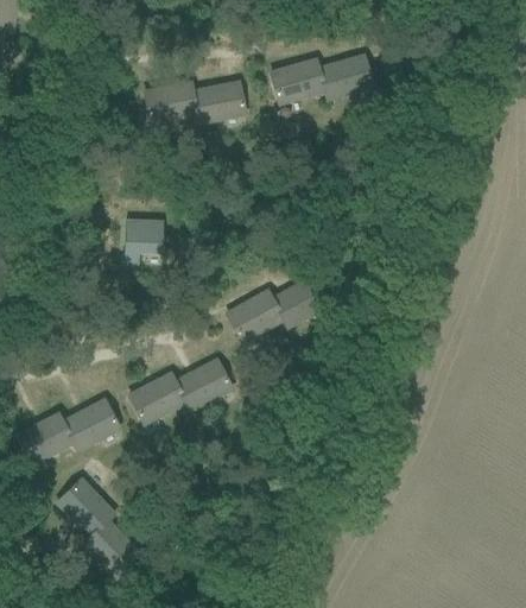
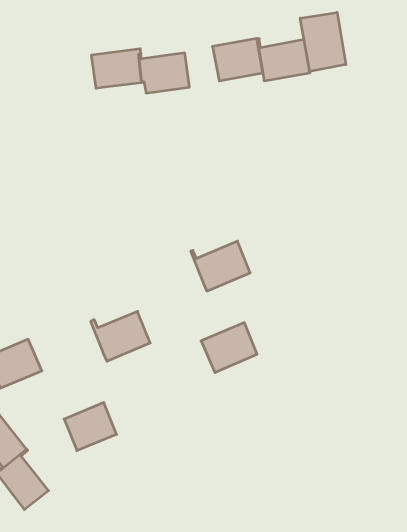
building: none -> [300,12,346,72]
building: [127,220,164,262] -> none
building: [223,287,284,343] -> [201,323,257,373]
building: [128,372,185,425] -> [64,403,117,451]

